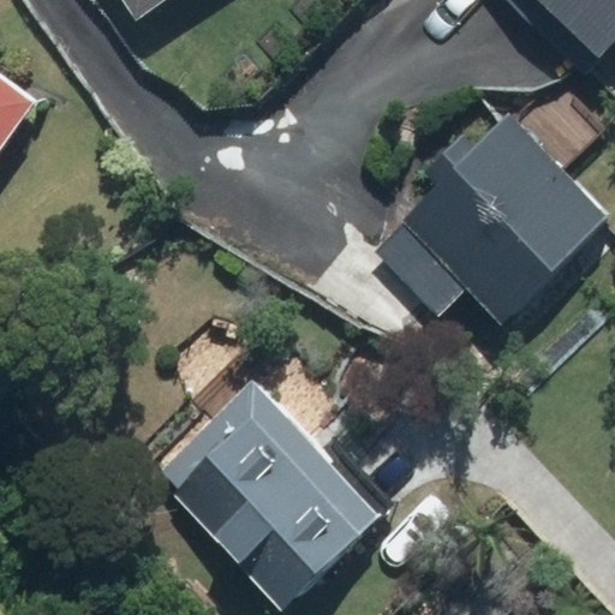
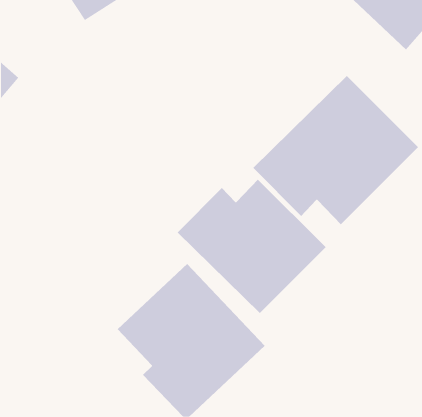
building: none -> [177,179,326,314]

